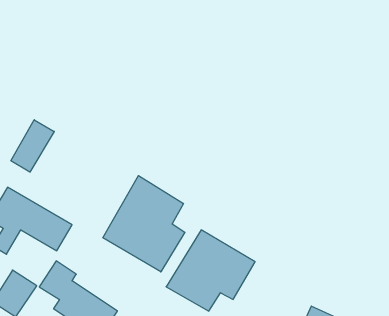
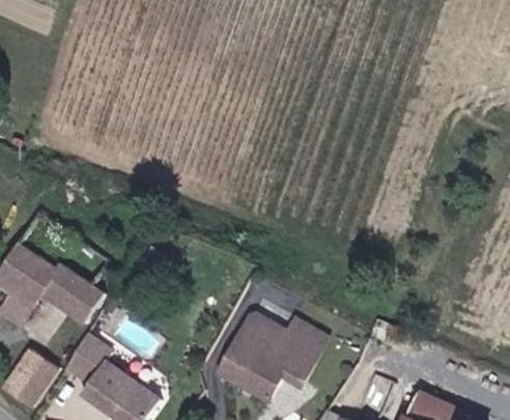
building: [11,120,54,172] -> none
building: [103,176,185,272] -> none

